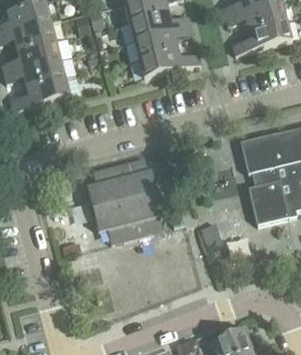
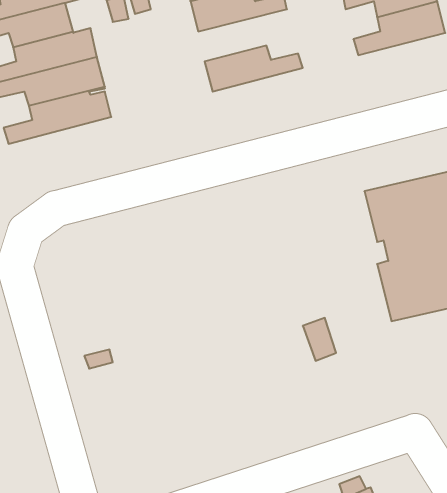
building: [133,25,192,58] -> none
building: [86,157,163,242] -> none

